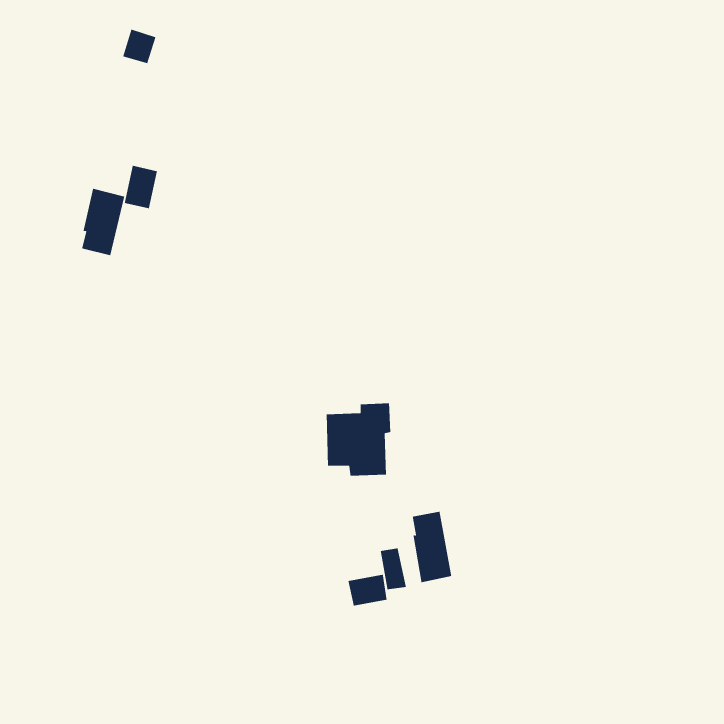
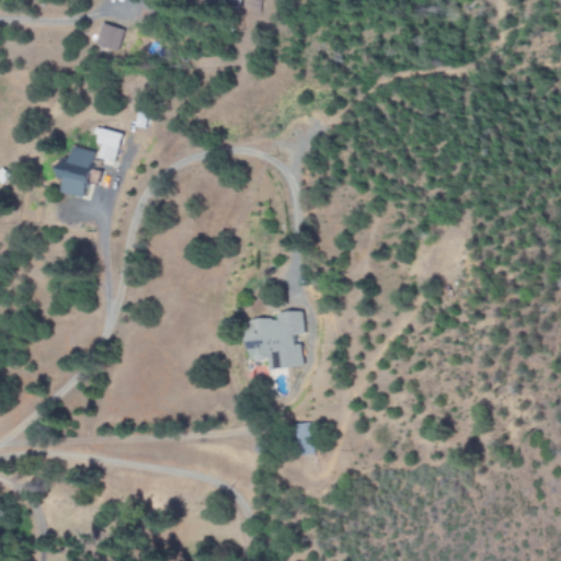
building: [412,511,452,583] -> none
building: [347,574,388,607] -> none

